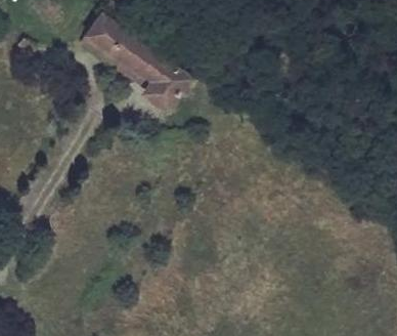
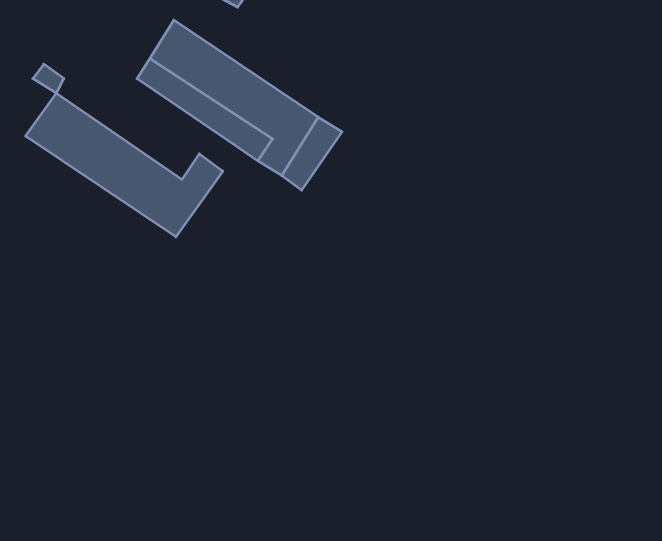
building: none -> [26,93,223,237]

